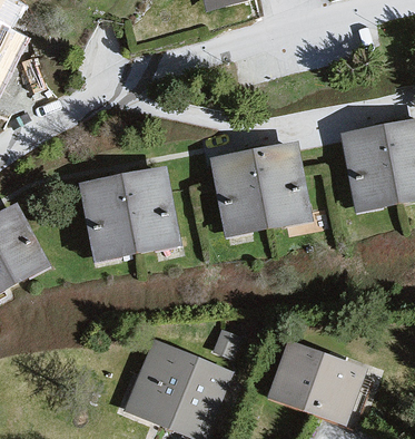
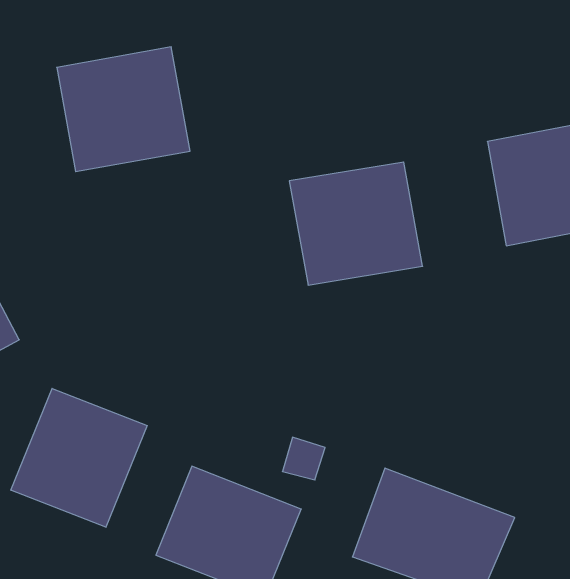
building: [86,169,172,251] -> [57,47,190,172]
building: none -> [11,388,147,527]

